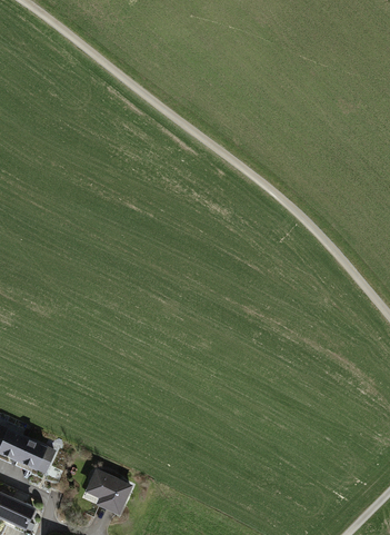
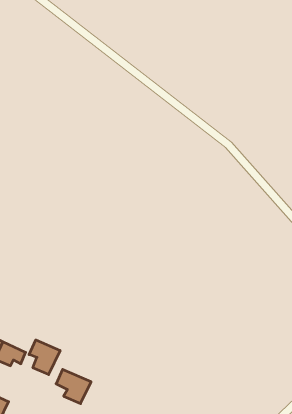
building: none -> [29,340,60,375]

